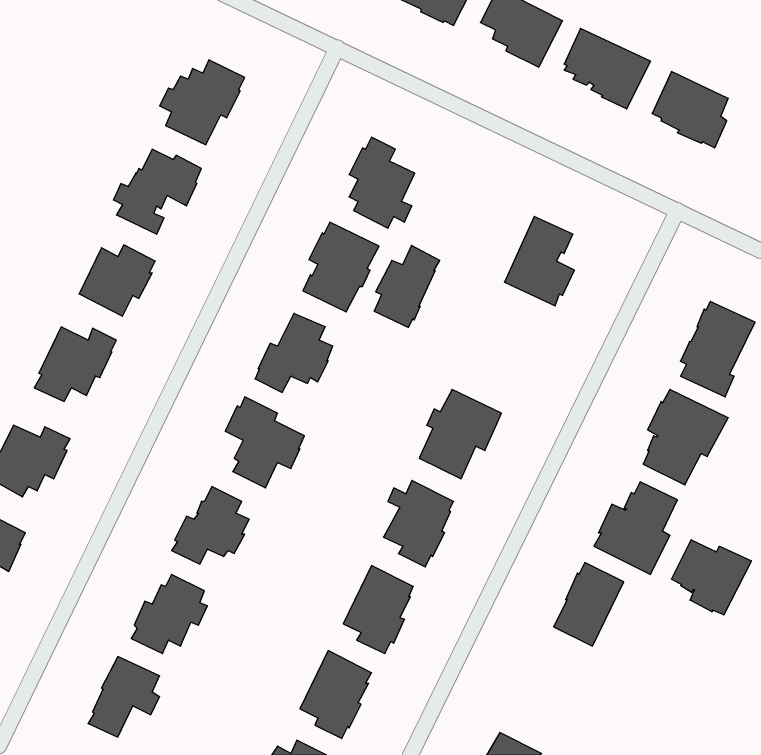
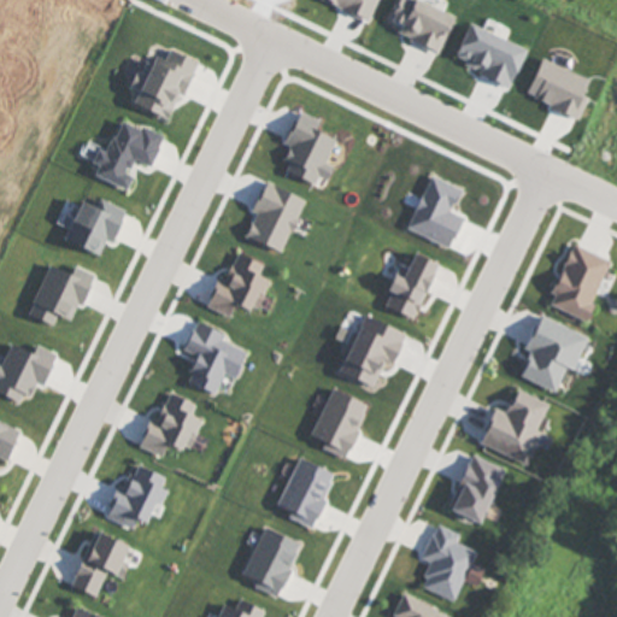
building: [374,245,440,327] -> [384,252,437,318]
building: [672,540,751,615] -> none
building: none -> [421,524,483,601]

